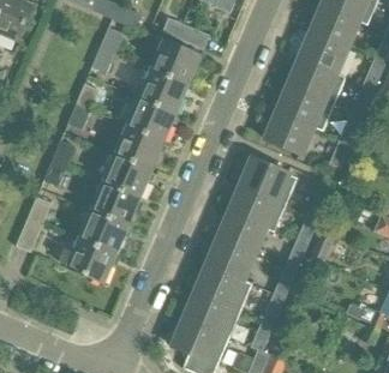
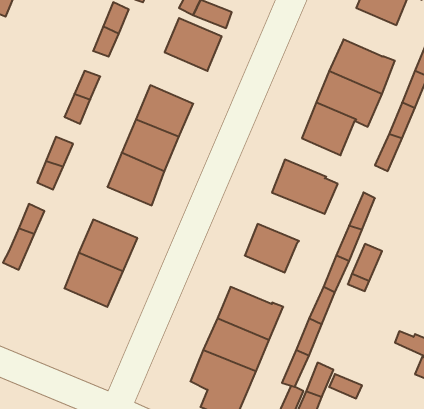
building: [301,31,346,72] -> none
building: [139,68,187,112] -> none
building: [91,181,140,224] -> none
building: [229,186,286,233] -> none
building: [207,239,252,279] -> none

